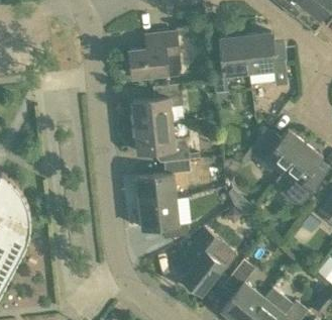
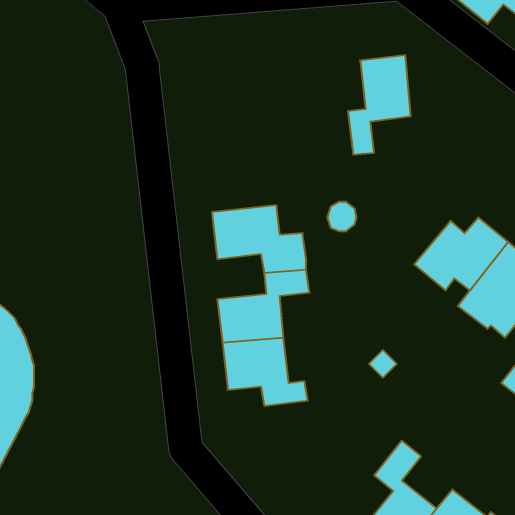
building: [128,32,181,77] -> none
building: [246,33,288,87] -> none
building: [131,85,183,127] -> none
building: [183,229,237,294] -> none

